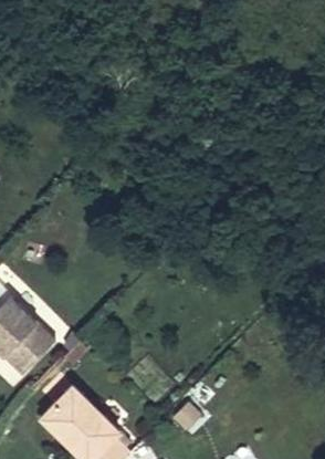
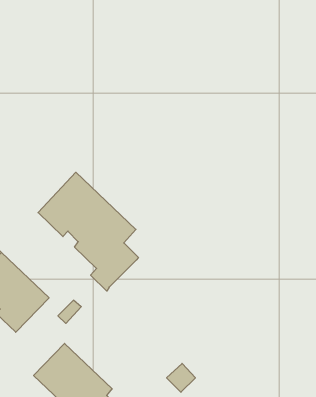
building: none -> [38,172,138,291]

